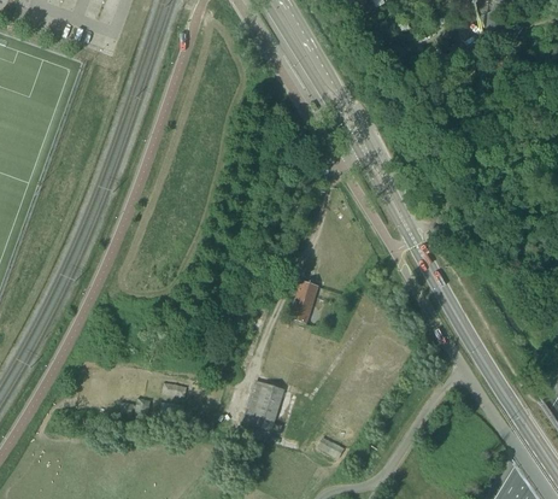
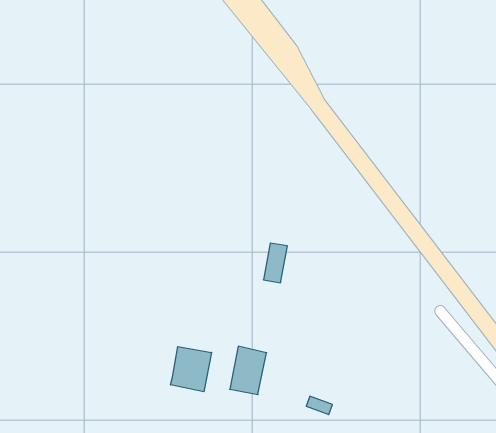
building: none -> [171,347,212,392]

